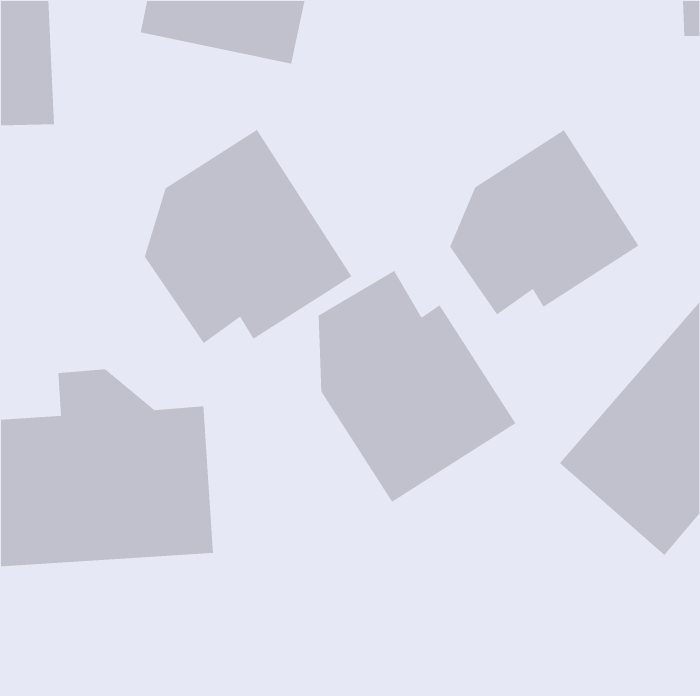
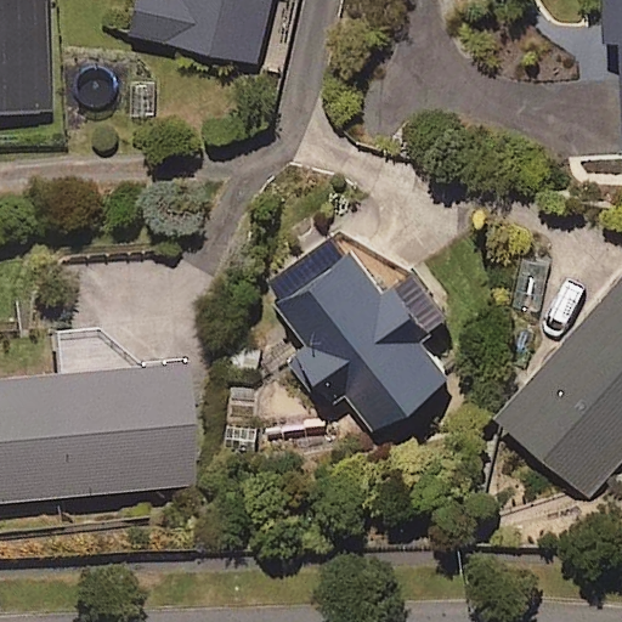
building: [144,129,352,344] -> none
building: [449,129,640,316] -> none

